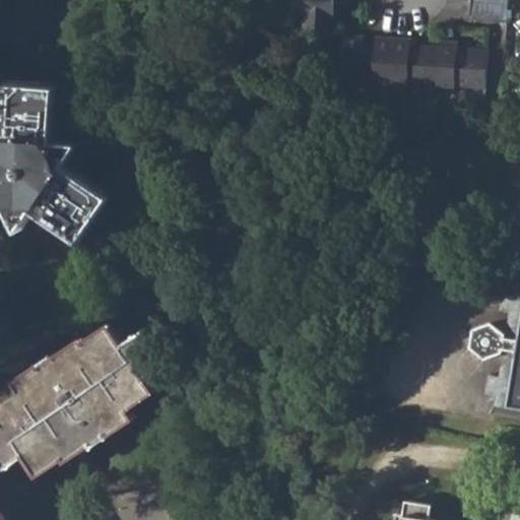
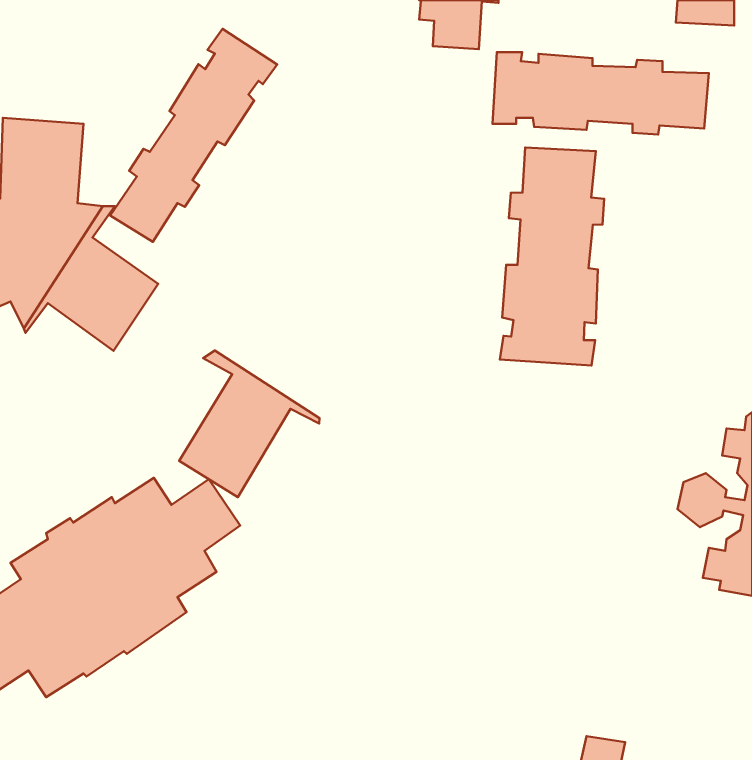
building: none -> [110,29,277,242]
building: none -> [500,148,604,365]
building: none -> [179,350,319,497]

